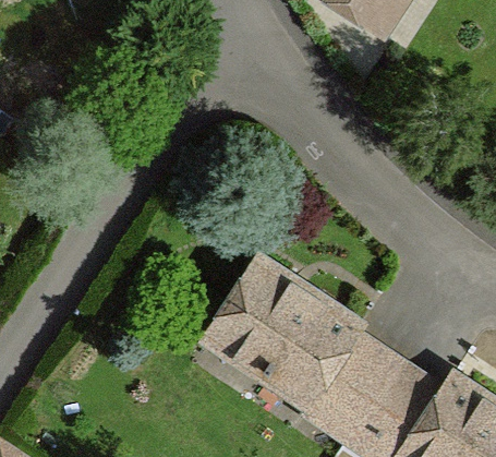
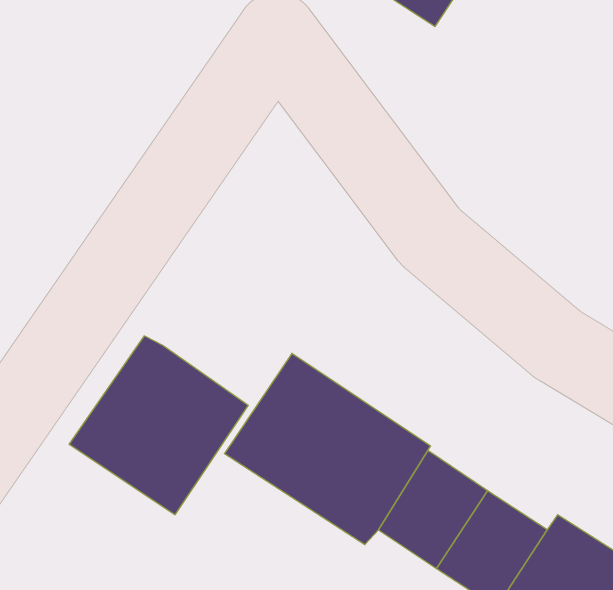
building: none -> [69,336,248,515]

